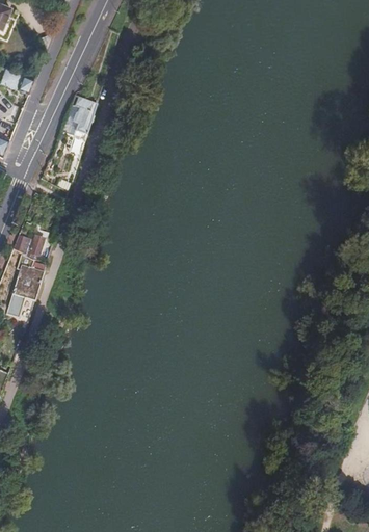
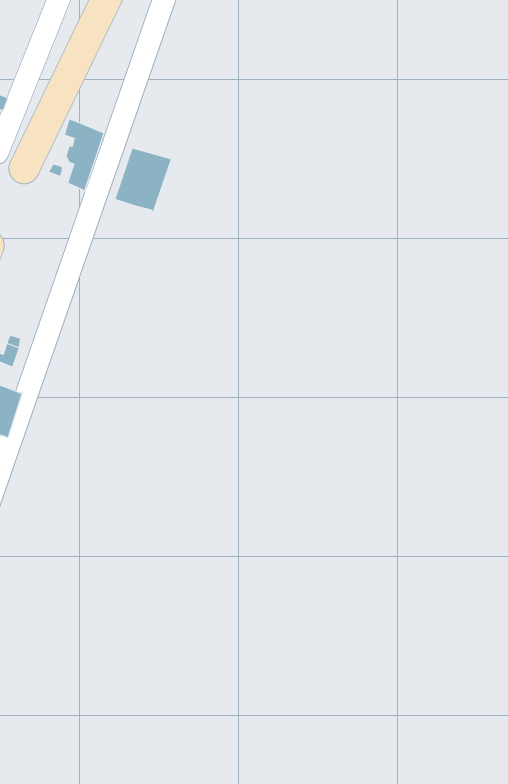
building: none -> [115,148,171,212]

